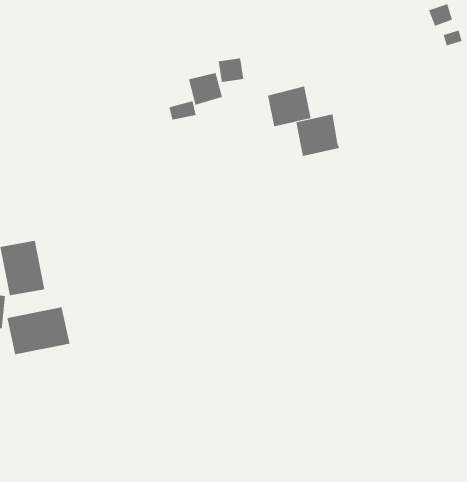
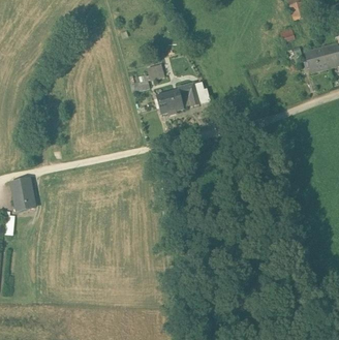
building: [295,114,340,157] -> [155,87,183,114]
building: [7,307,70,355] -> none

